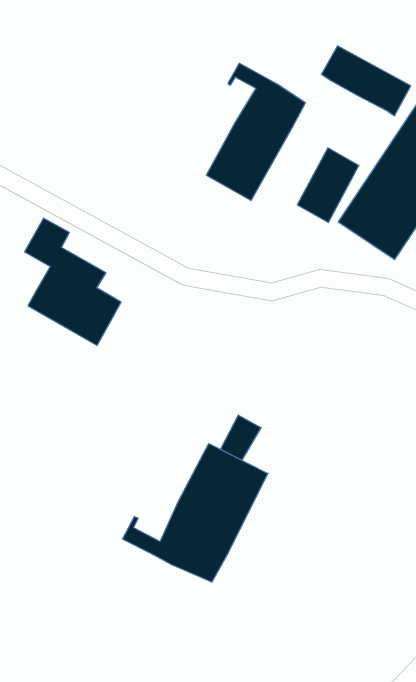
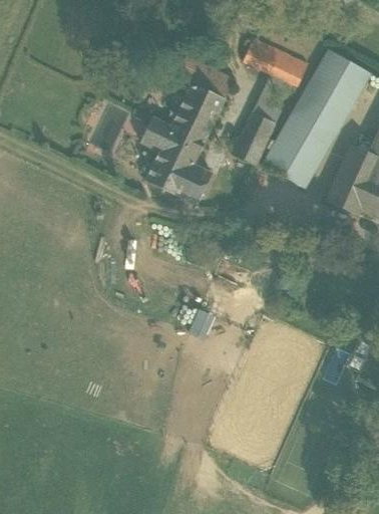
building: [25,218,121,345] -> [140,115,212,204]
building: [123,444,268,582] -> none

